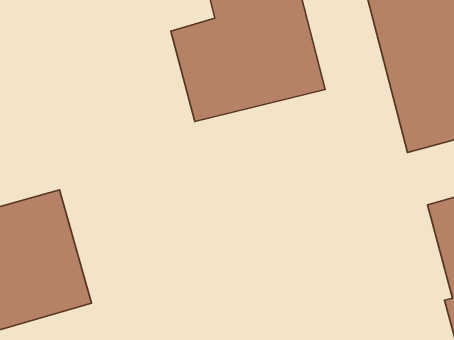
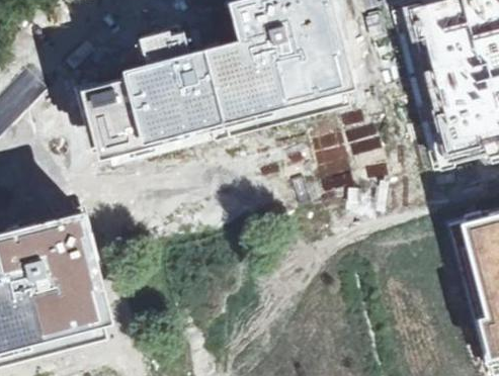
building: none -> [76,45,225,169]

